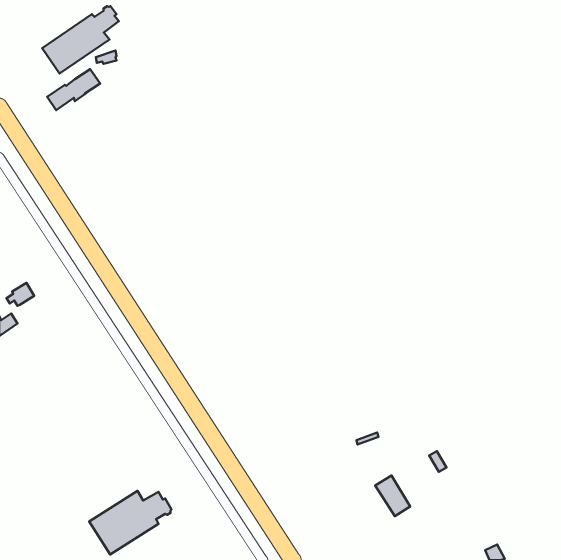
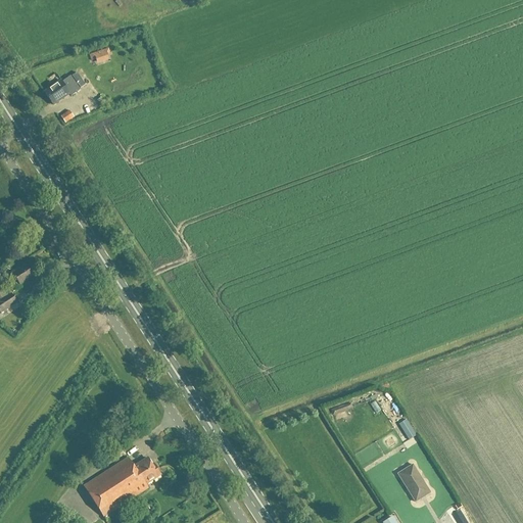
building: [42,6,119,74] -> none
building: [375,476,410,516] -> [396,463,429,501]

